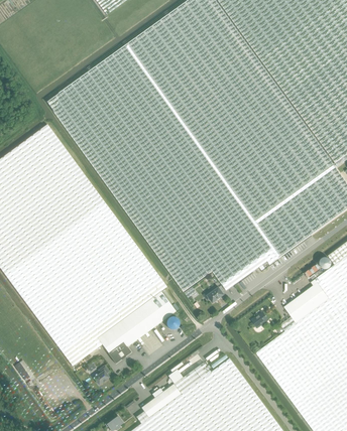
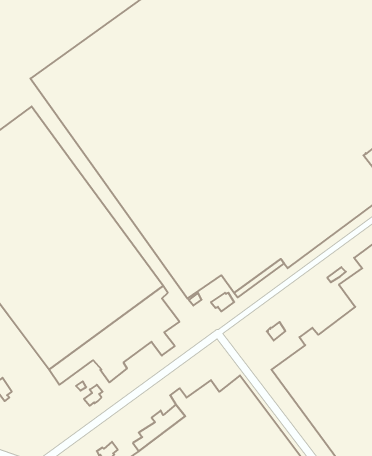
building: [284,279,329,322] -> none

